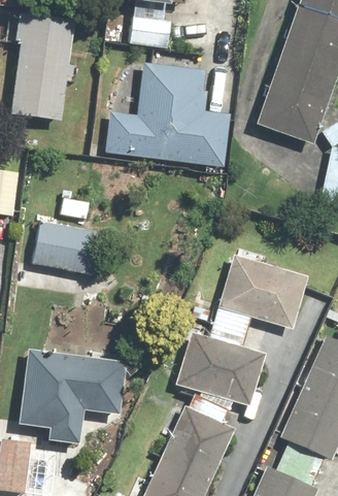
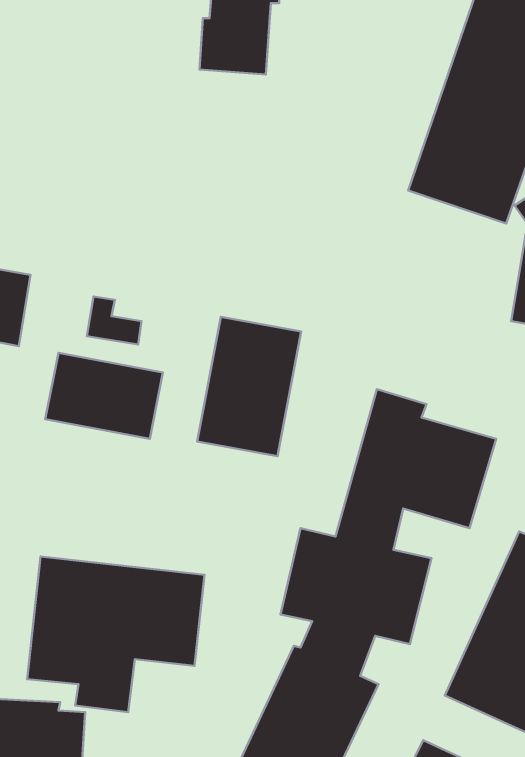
building: [12,13,76,123] -> none
building: [107,63,232,168] -> none
building: none -> [197,317,301,456]

